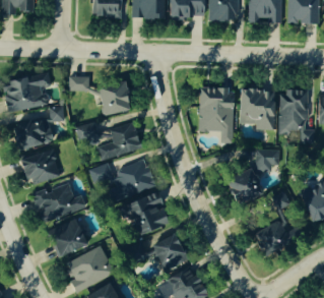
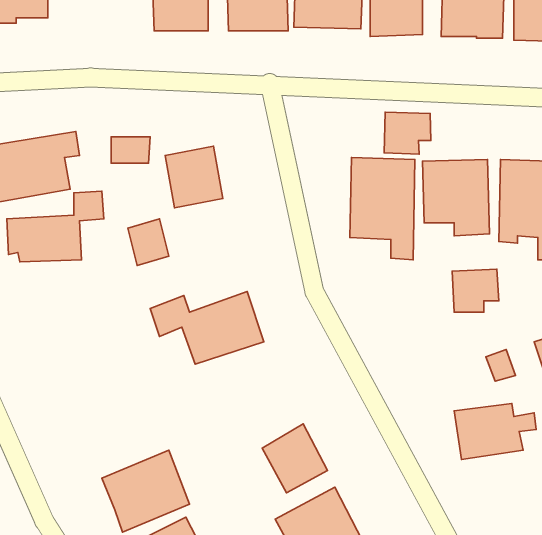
building: none -> [384,112,431,154]
building: [102,123,140,159] -> none
building: [20,151,60,183] -> none
building: [224,168,263,205] -> none
building: [33,183,85,224] -> none
building: [127,191,167,235] -> none
building: [48,219,87,257] -> none

